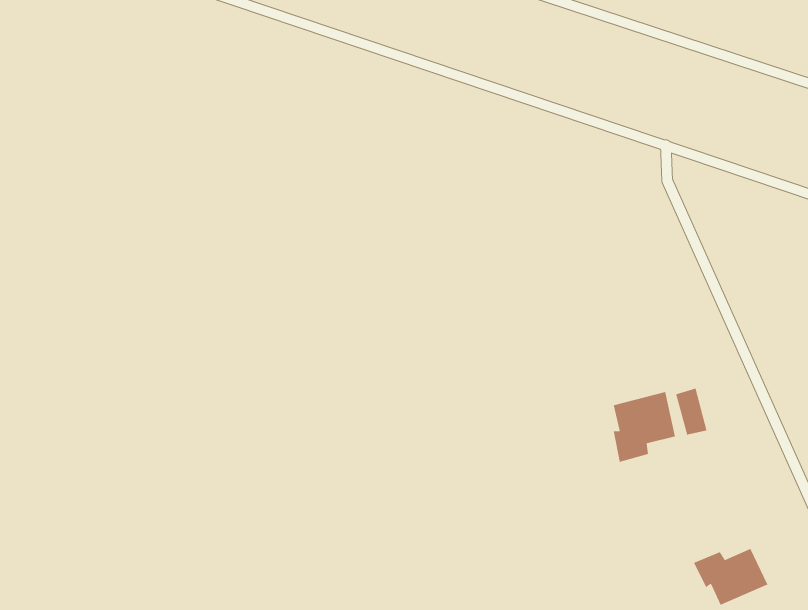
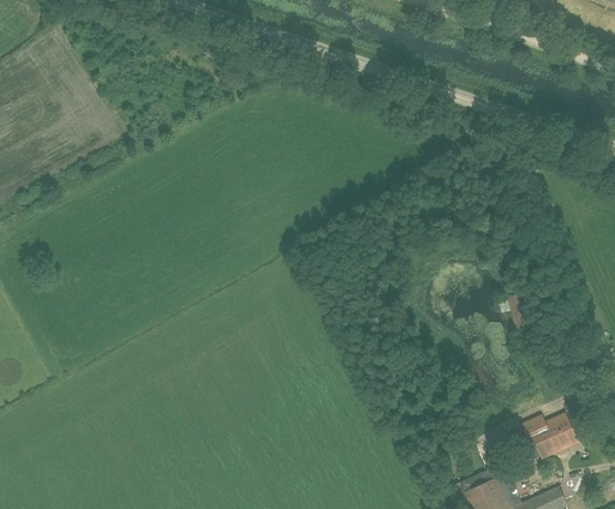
building: [613,391,676,463] -> none

